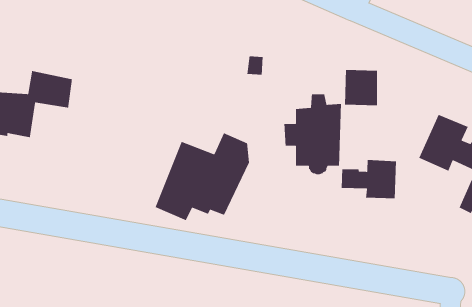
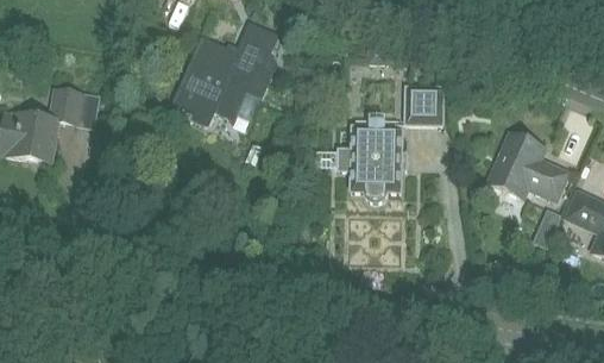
building: [155,132,250,221] -> [171,25,278,125]
building: [341,159,397,199] -> none

